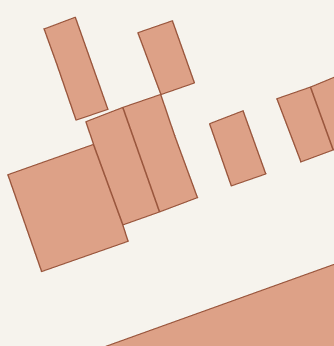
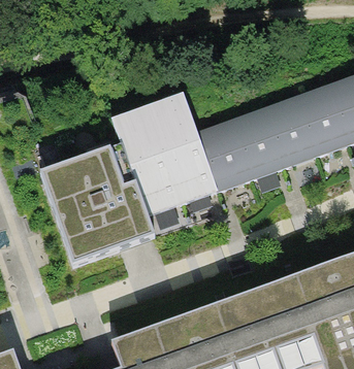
building: [44,17,108,120] -> none
building: [138,21,194,95] -> [197,121,251,191]
building: none -> [262,97,317,168]

